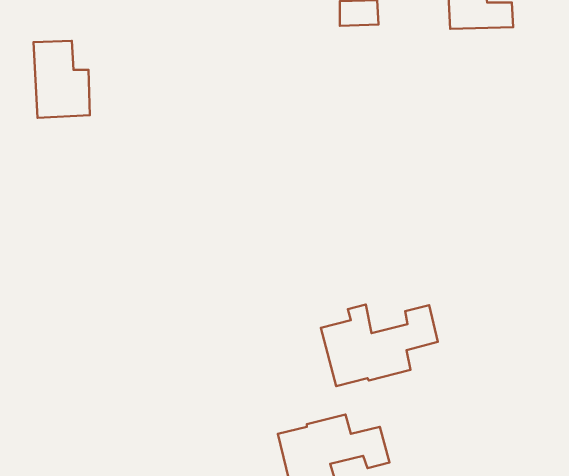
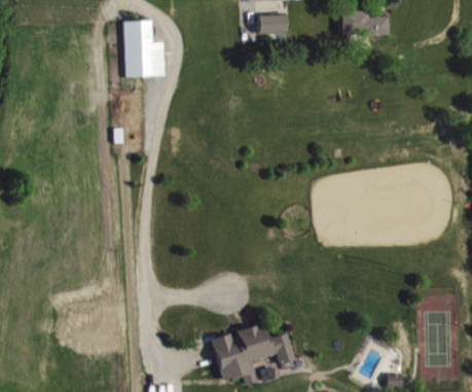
building: [33,41,90,118] -> [123,20,166,77]
building: [321,305,438,386] -> none

